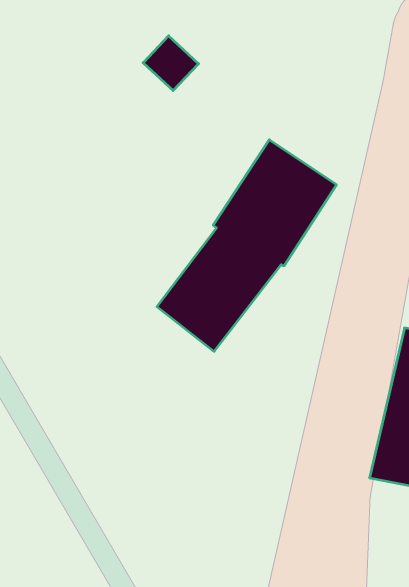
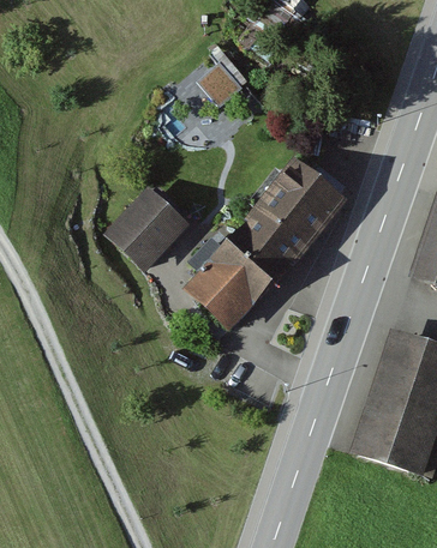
building: none -> [103,185,190,271]

